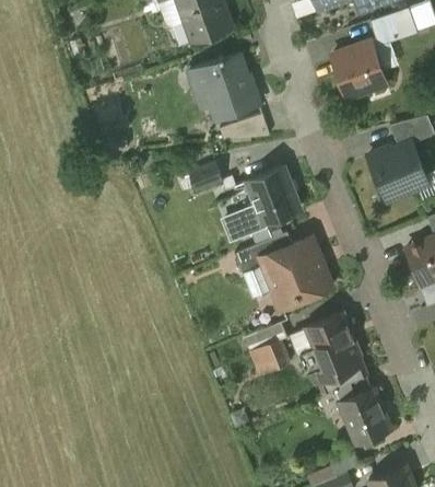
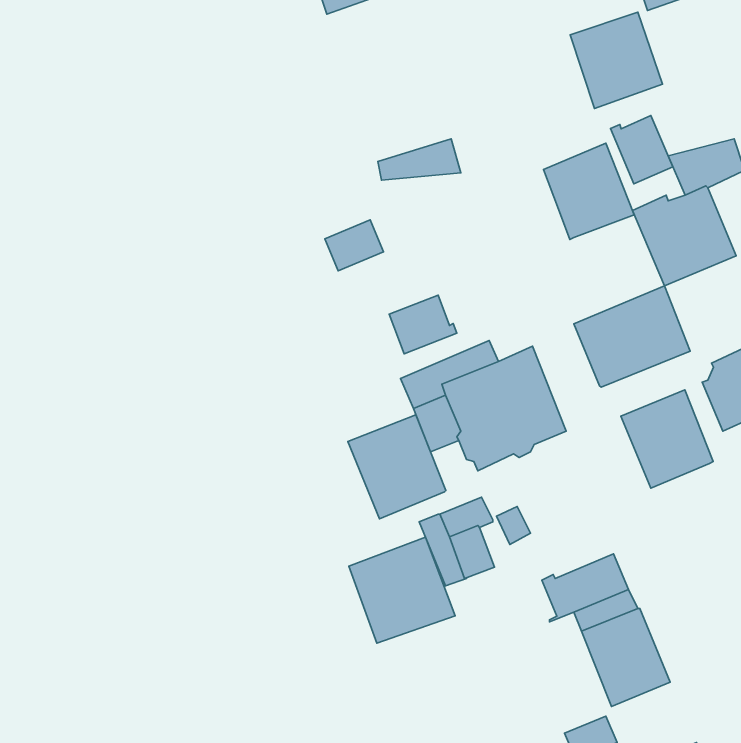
building: [190,54,260,118] -> none
building: none -> [611,116,673,184]
building: [247,169,299,224] -> [544,143,634,239]
building: none -> [574,286,690,387]
building: none -> [348,415,446,519]
building: [306,314,360,371] -> [621,390,713,488]
building: none -> [349,537,455,643]

